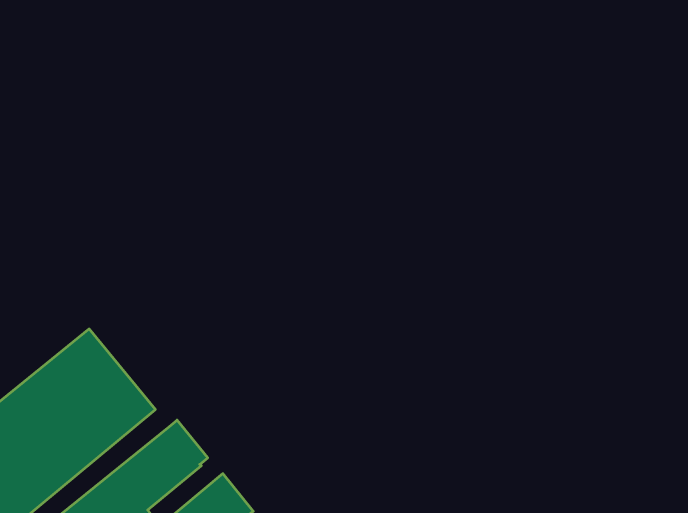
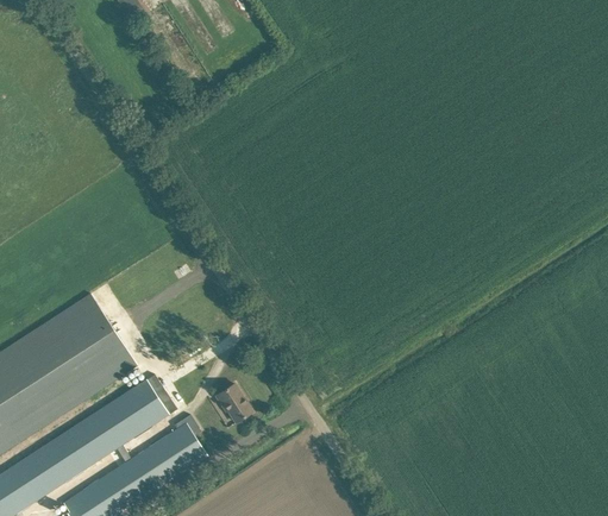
building: none -> [214,384,251,423]

